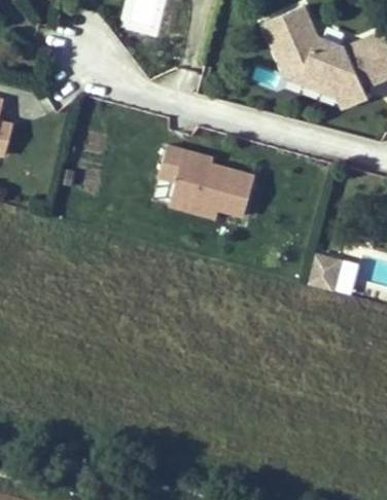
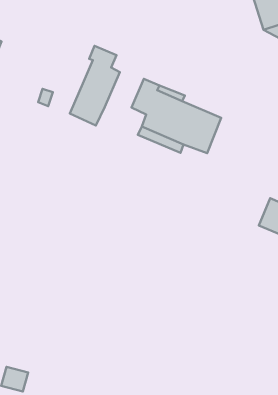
building: none -> [70,46,120,126]

